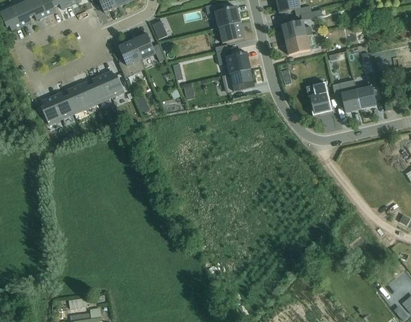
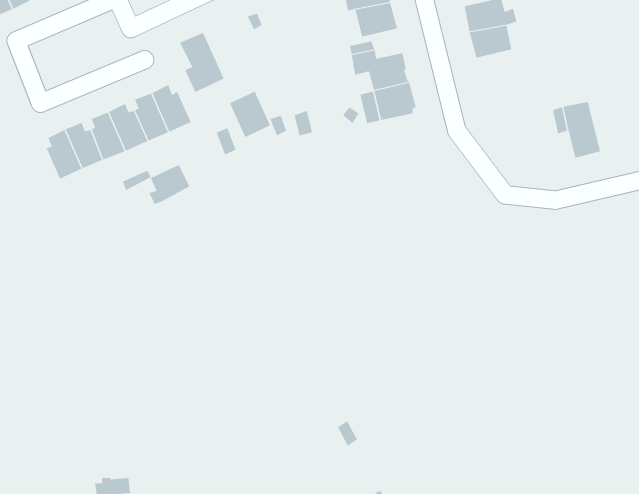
building: [132,32,156,59] -> [229,91,271,138]
building: [356,74,379,108] -> none
building: [306,81,333,115] -> none
building: none -> [122,164,190,205]

